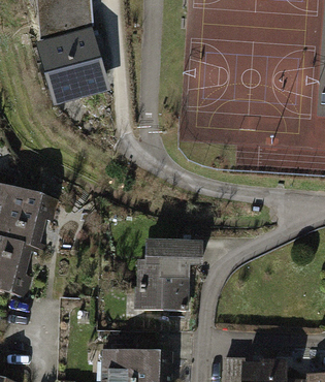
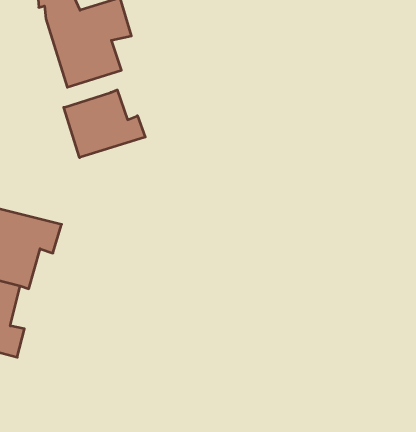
building: none -> [64,90,145,158]
building: [137,244,197,307] -> none

